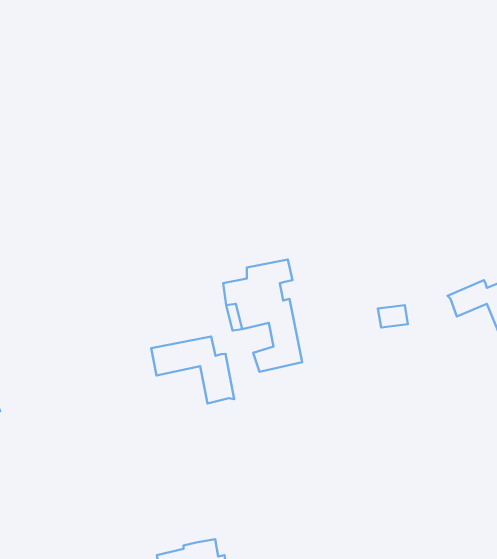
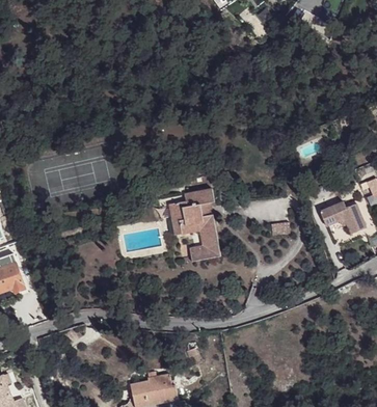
building: [151,337,234,403] -> none

